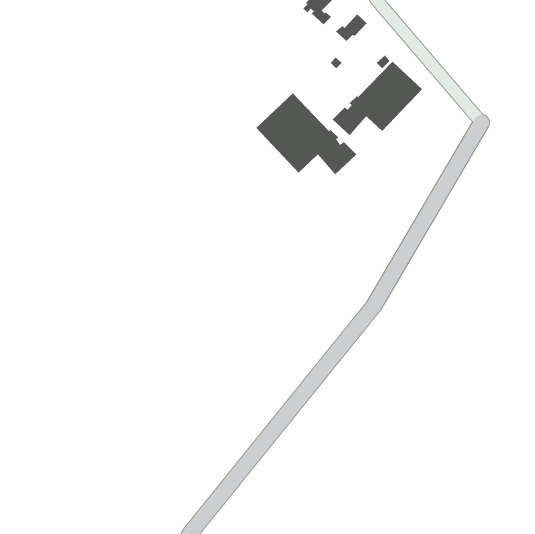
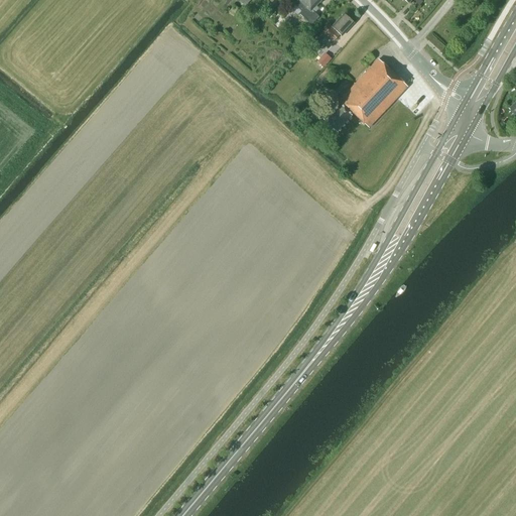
building: [255,93,357,175] -> none

